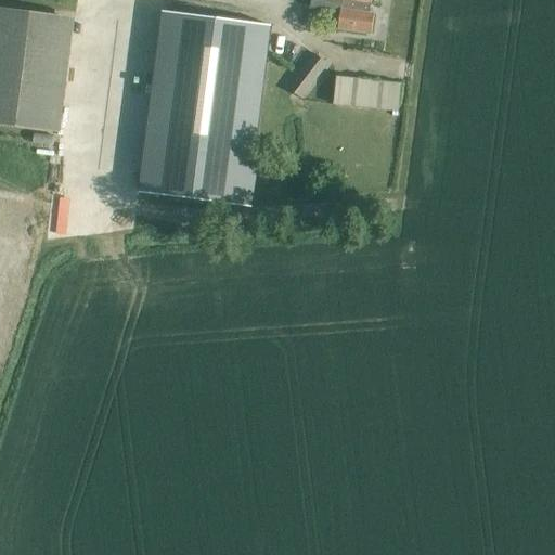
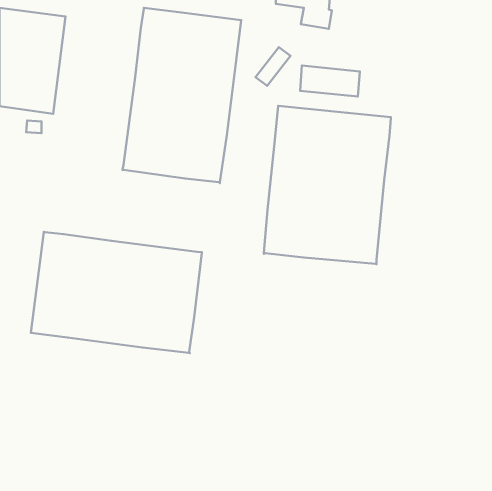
building: none -> [264,106,391,264]
building: none -> [31,232,202,353]

